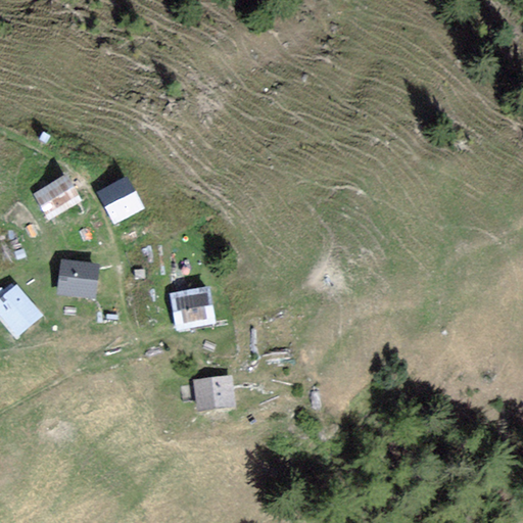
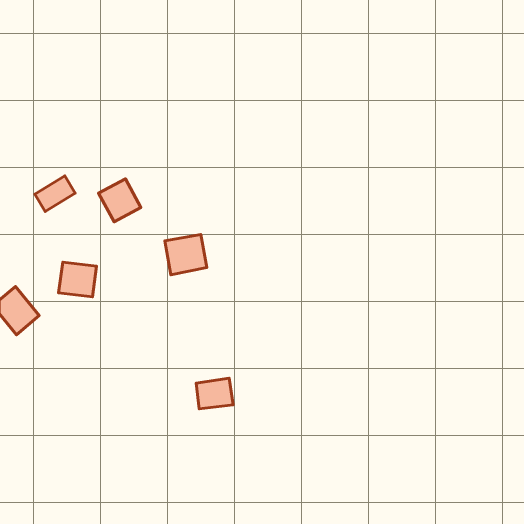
building: [171,288,212,328] -> [165,235,207,275]

